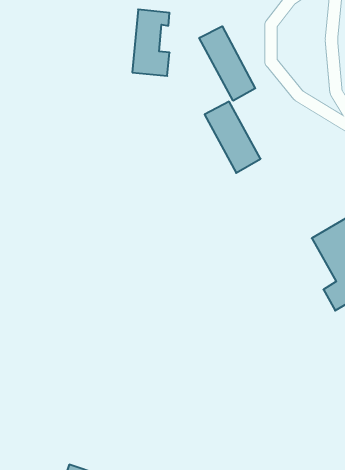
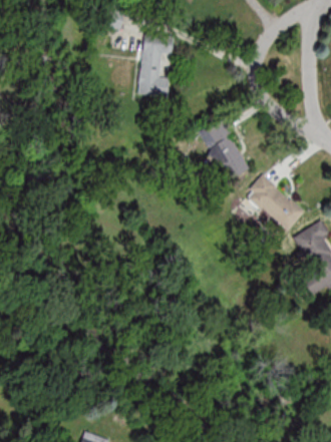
building: [199,26,255,101] -> none
building: none -> [244,172,305,233]

